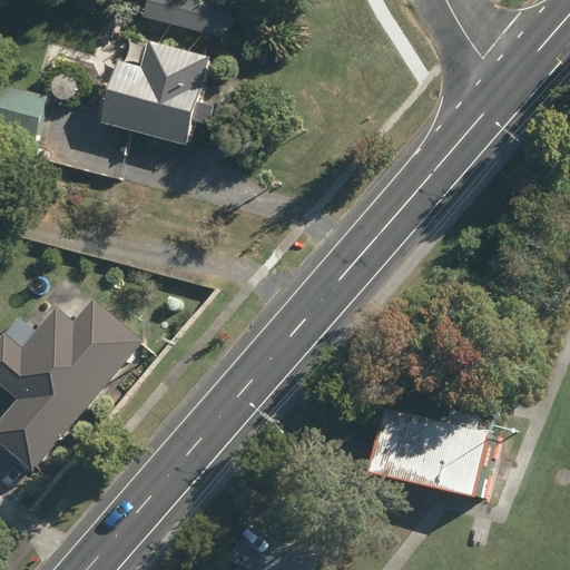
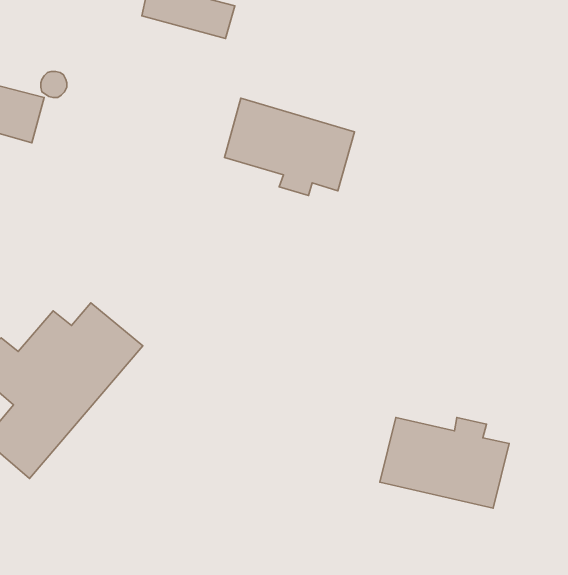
building: [101,41,213,146] -> none
building: none -> [224,98,354,195]

